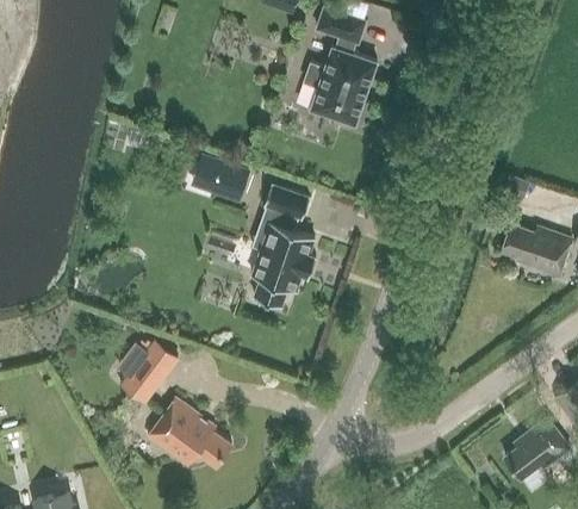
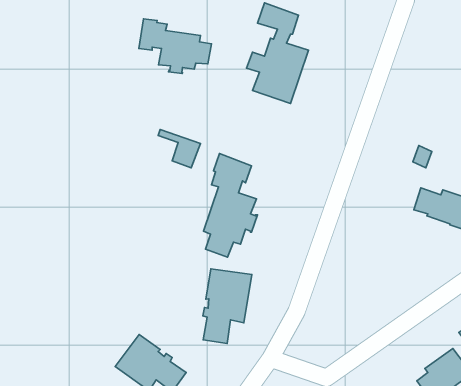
building: none -> [139,19,211,73]
building: none -> [203,269,252,343]
building: [120,342,178,404] -> none

